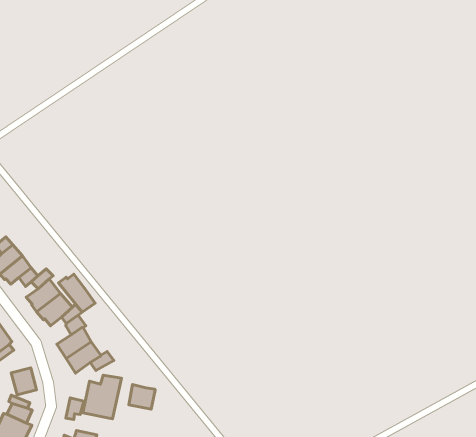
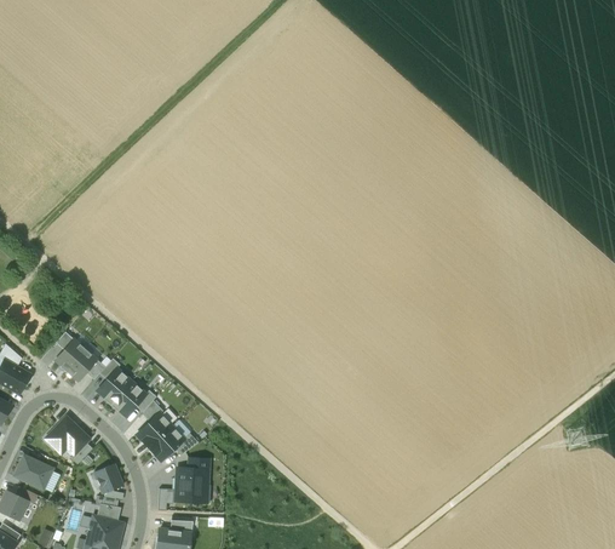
building: [59,274,95,312] -> none
building: [129,385,155,409] -> none

